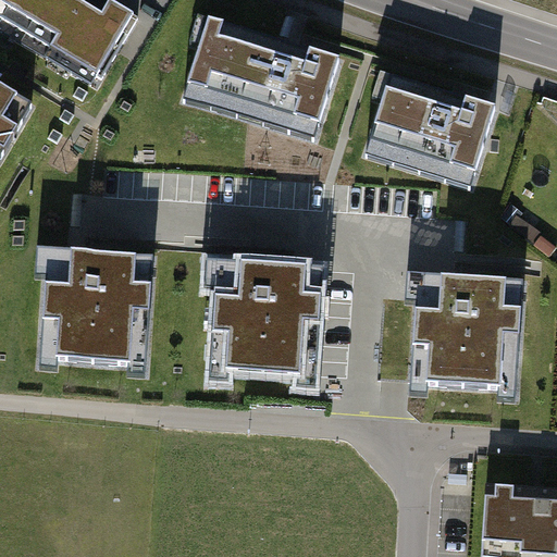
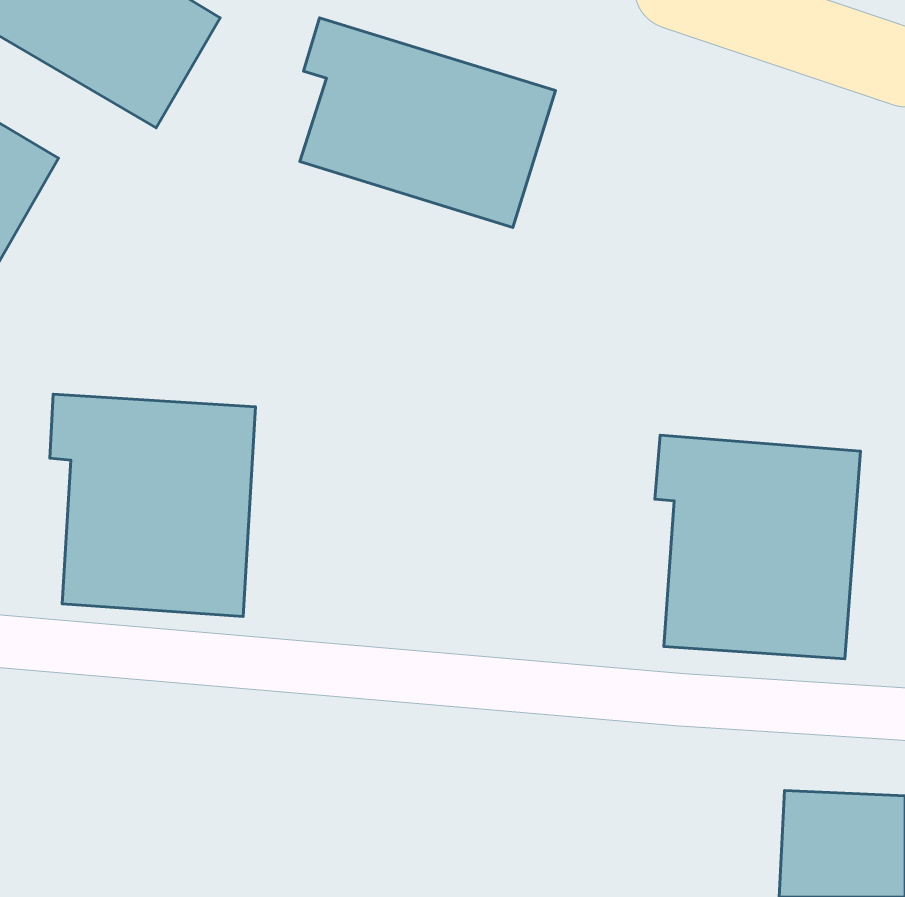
building: [363,66,504,189] -> none
building: [200,252,326,388] -> none

